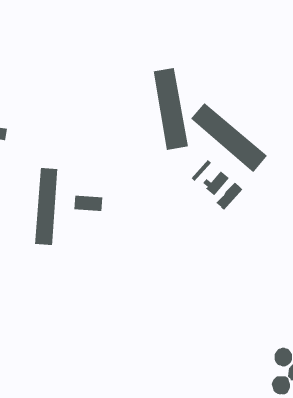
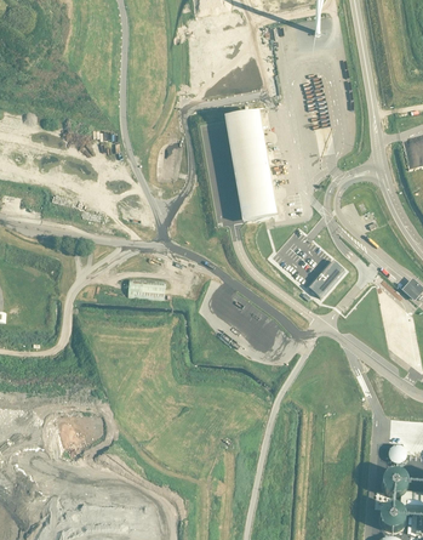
building: [190,102,268,173] -> none
building: [35,167,58,246] -> none

